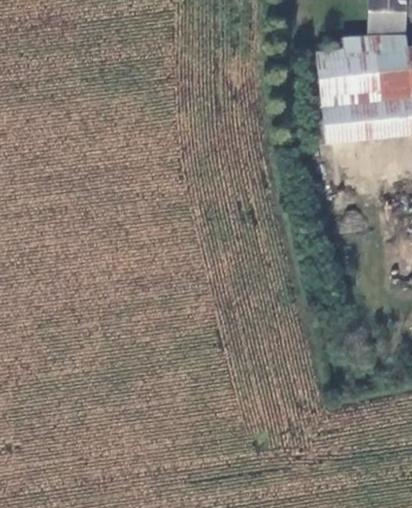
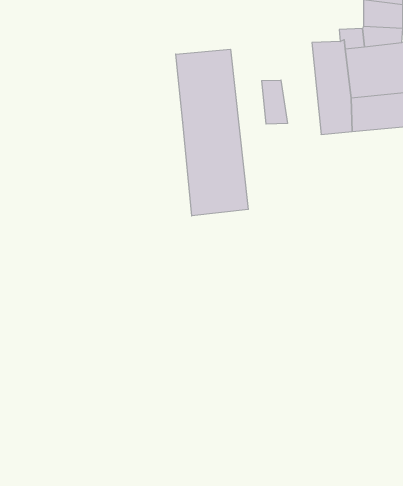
building: none -> [176,49,248,216]
building: none -> [262,80,288,124]

